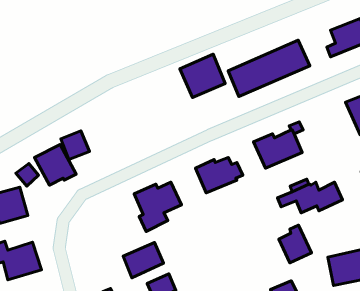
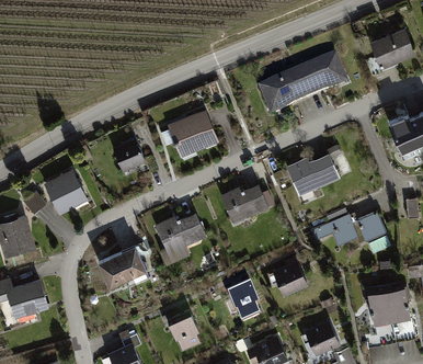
building: [180,54,225,97] -> [168,107,218,156]
building: [61,131,90,160] -> [113,138,145,170]
building: [279,225,311,263] -> [273,255,309,297]
building: [123,242,164,278] -> [99,247,144,286]
building: none -> [227,283,259,322]

